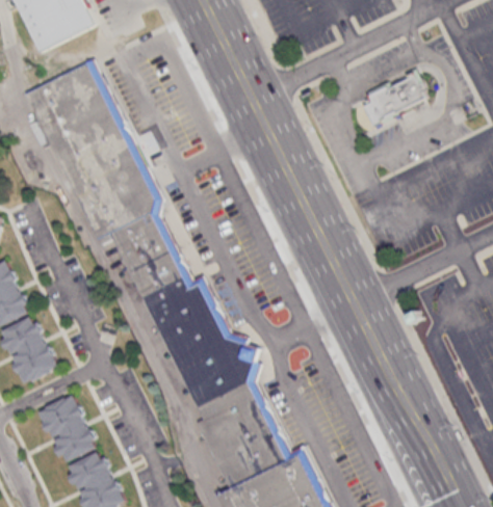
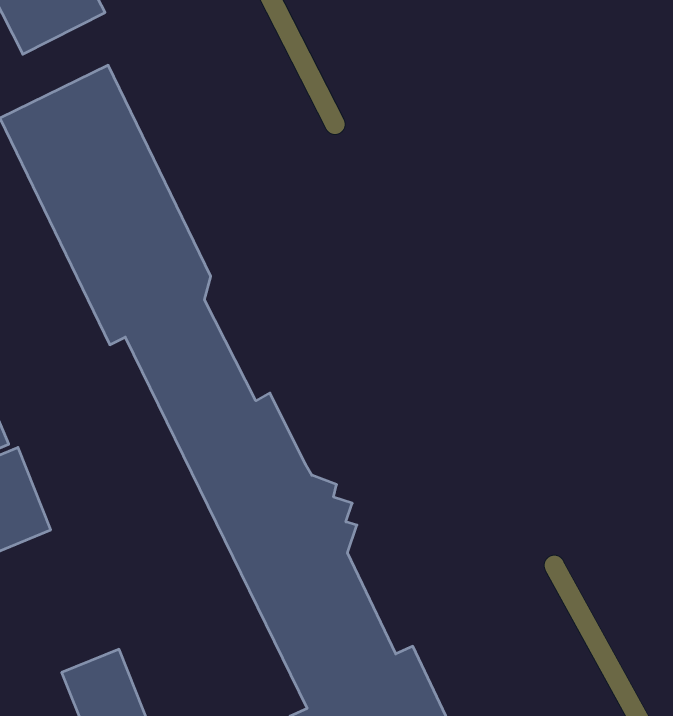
building: [362,71,423,128] -> none
building: [35,395,97,465] -> none

